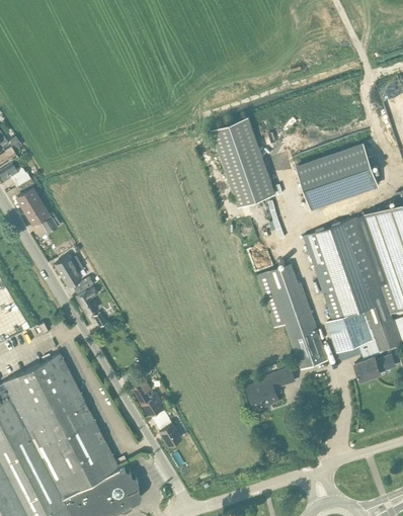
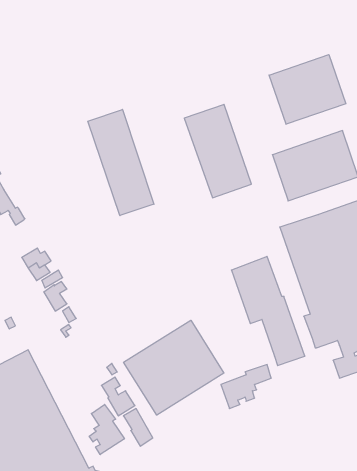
building: none -> [269,55,346,124]
building: none -> [88,109,154,216]
building: none -> [124,320,224,415]
building: none -> [89,404,124,455]

